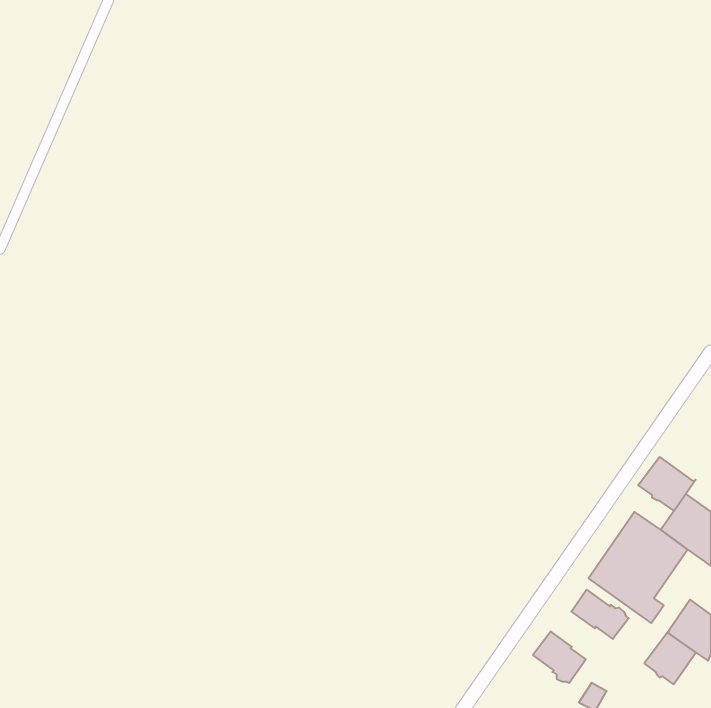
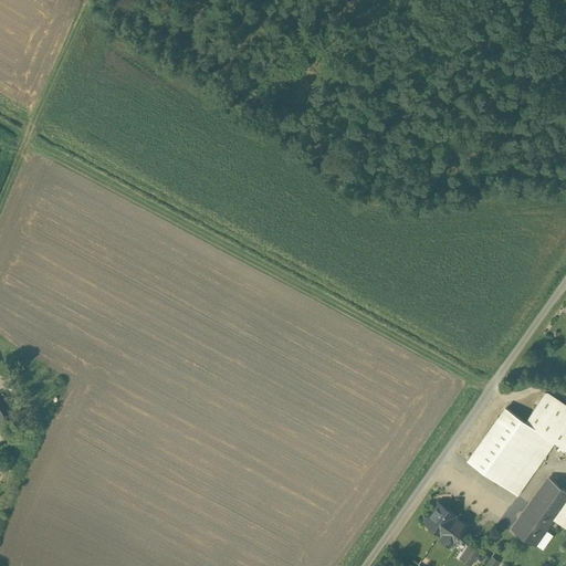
building: [638,457,696,511] -> none
building: [571,590,629,639] -> none

